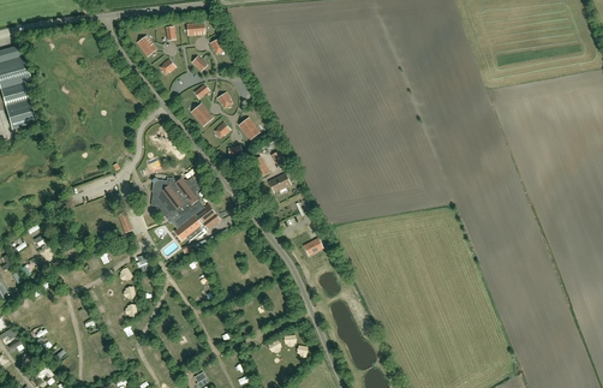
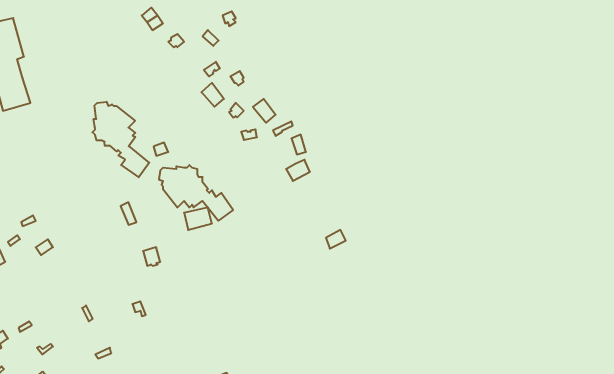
building: none -> [92,102,149,177]

